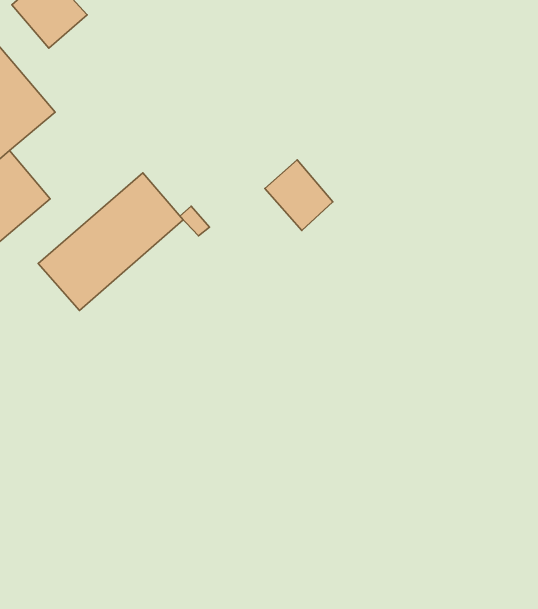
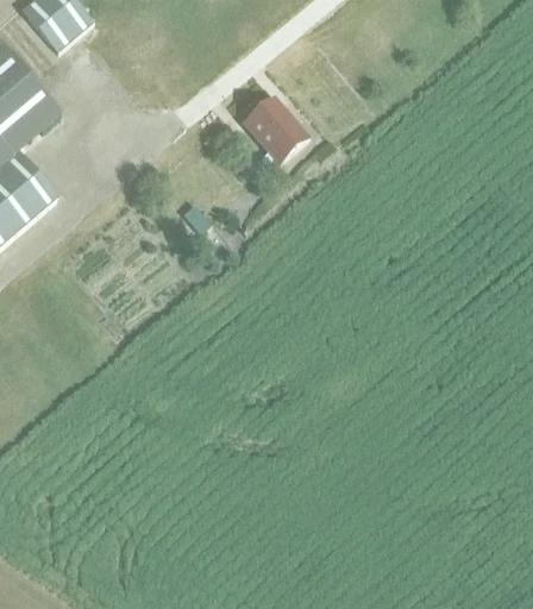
building: [265,160,333,230] -> [242,95,307,163]
building: [38,173,183,310] -> none

